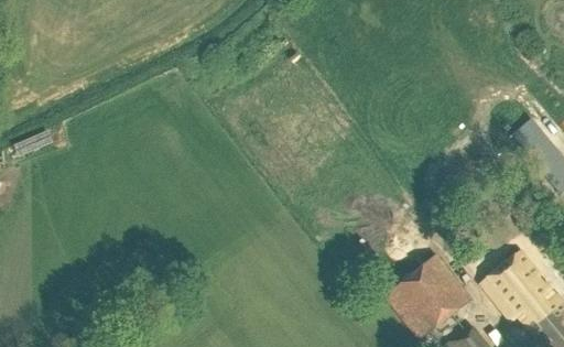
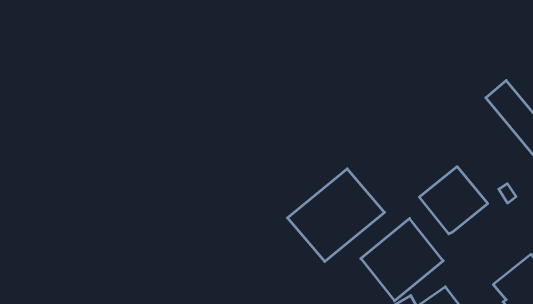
building: none -> [287,169,385,262]
building: [481,251,551,319] -> [419,167,488,234]

